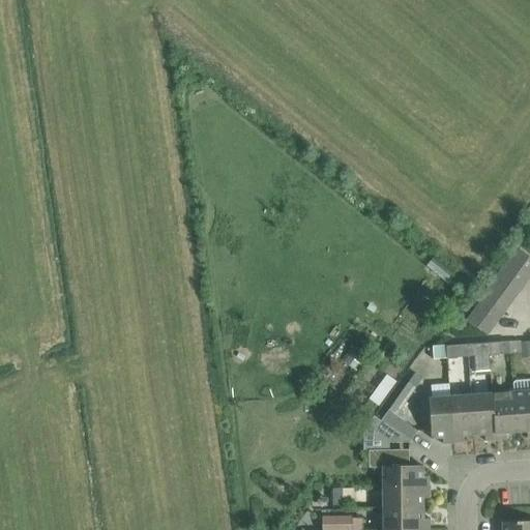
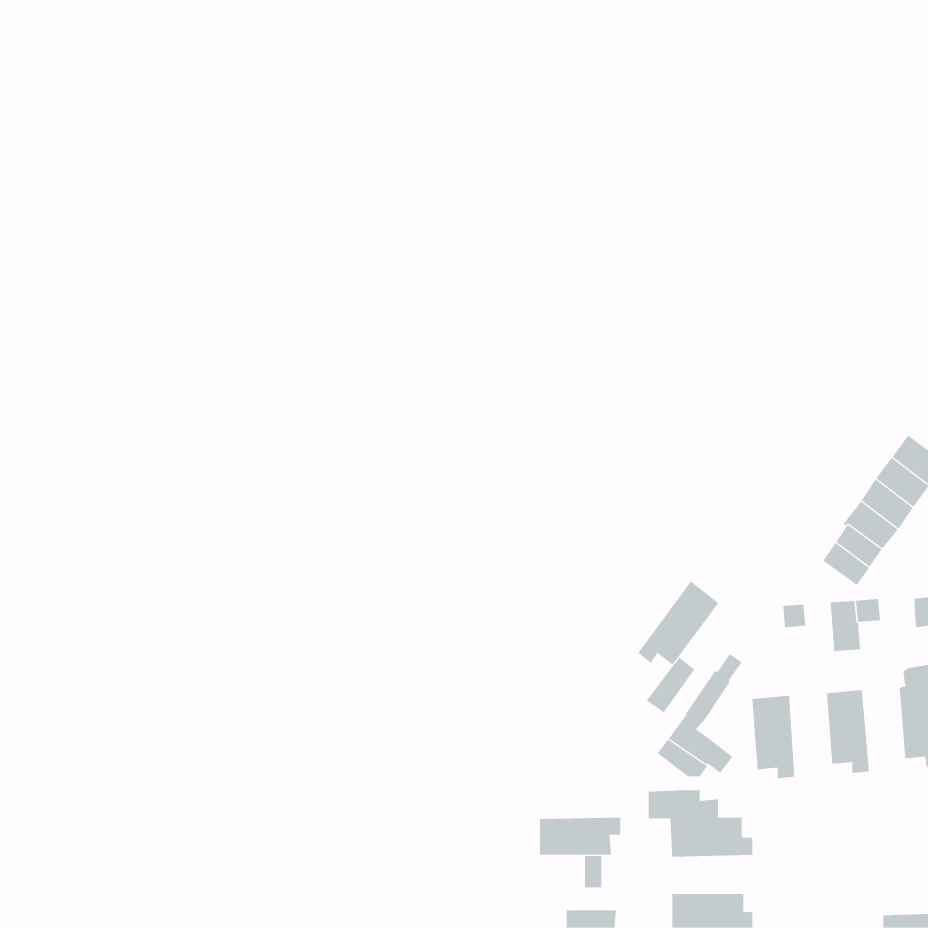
building: none -> [637,581,719,665]
building: [492,391,516,439] -> none
building: [450,394,474,442] -> none
building: [383,487,430,508] -> [539,817,621,855]

